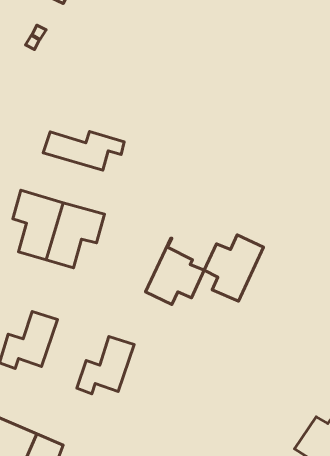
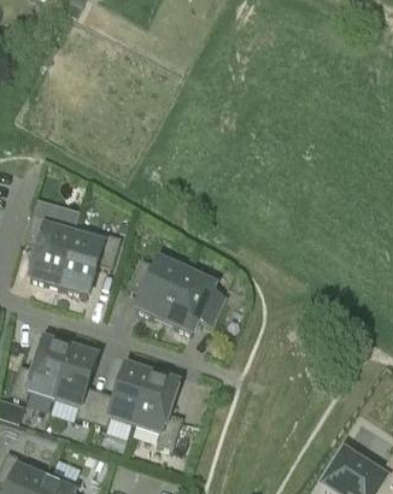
building: [43,131,124,170] -> none
building: [204,235,264,301] -> [128,249,190,319]
building: none -> [54,348,101,421]
building: none -> [135,375,182,448]

